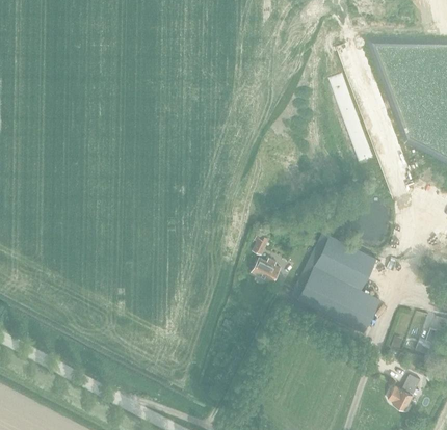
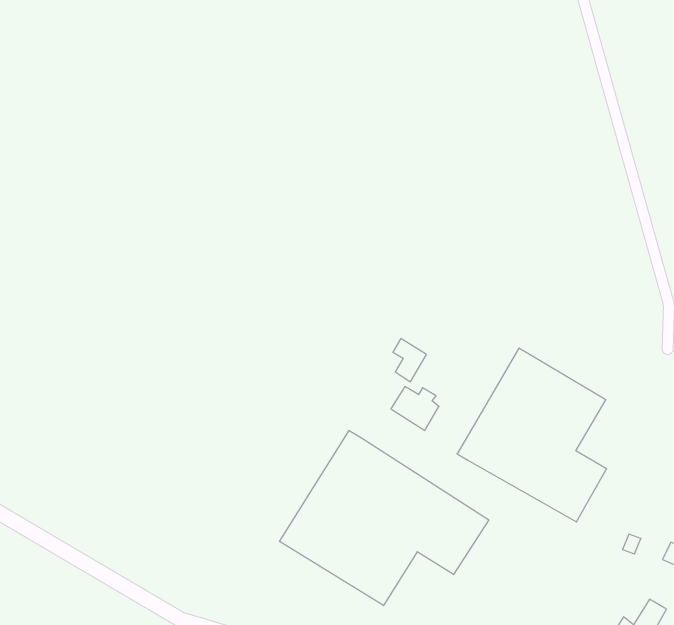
building: none -> [280,430,489,606]

